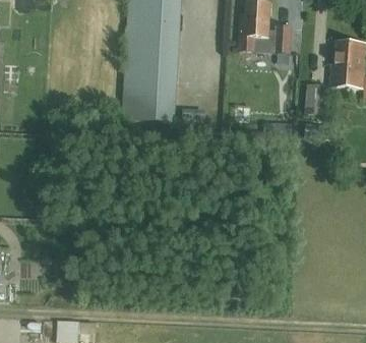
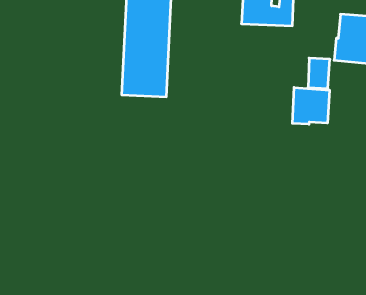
building: none -> [292,87,330,124]

